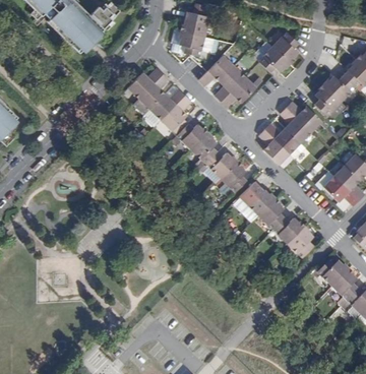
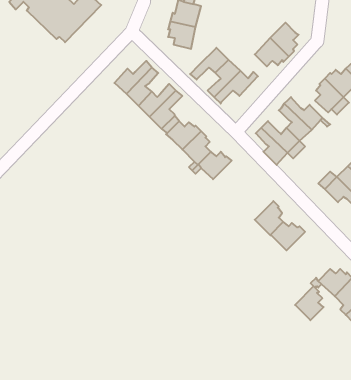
building: [220,160,247,192] -> none
building: [243,188,276,214] -> none
building: [288,226,314,257] -> [295,286,324,320]

